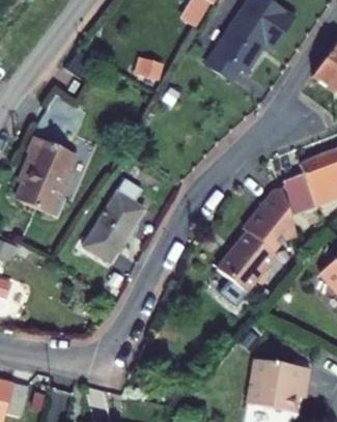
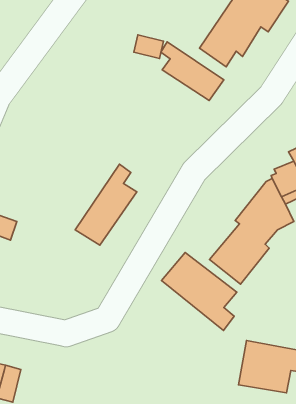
building: none -> [161,42,224,100]
building: [16,135,79,213] -> none
building: none -> [161,252,237,330]

